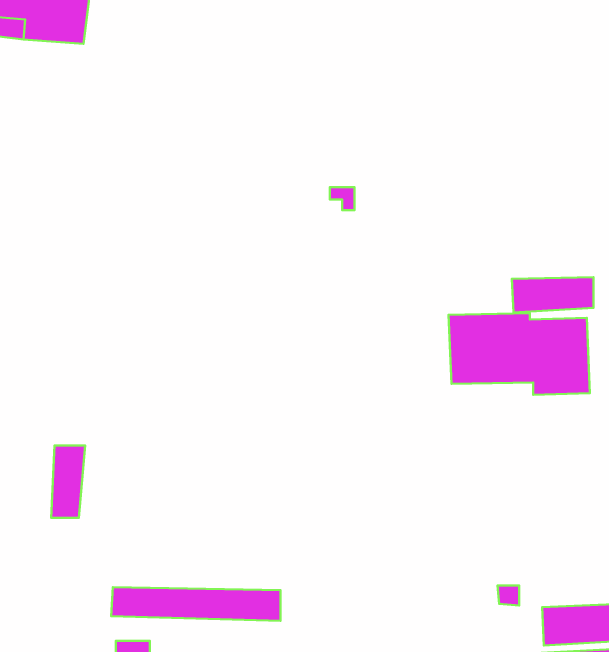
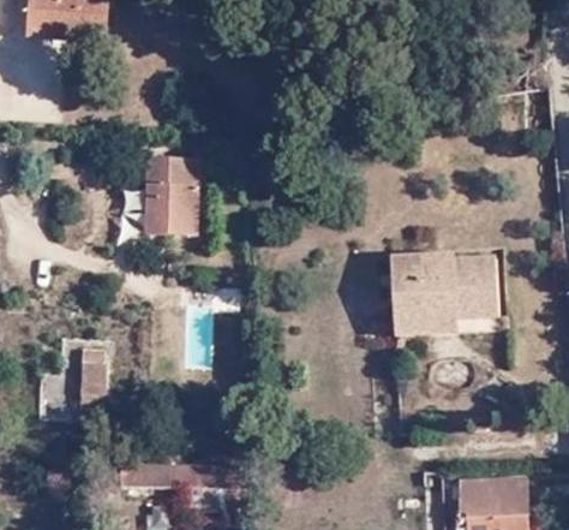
building: none -> [149,157,208,234]
building: [512,277,594,313] -> [390,305,454,333]

